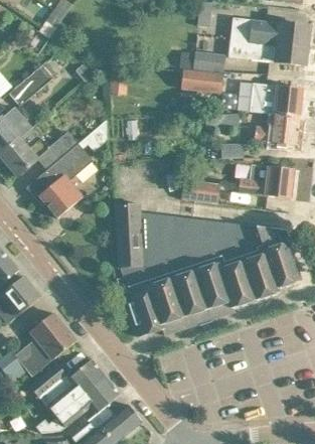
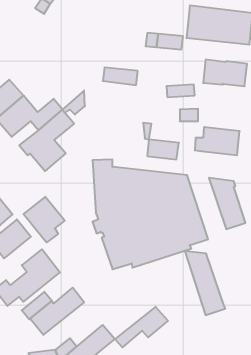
building: [8,61,56,106] -> none
building: [180,70,222,92] -> [103,68,138,85]
building: [254,112,299,145] -> none
building: [229,223,279,300] -> [185,251,225,315]
building: none -> [23,197,65,242]
building: [55,377,120,426] -> [115,307,168,347]

